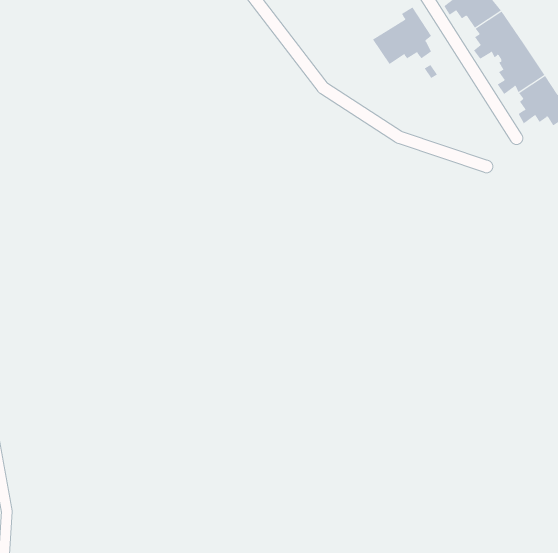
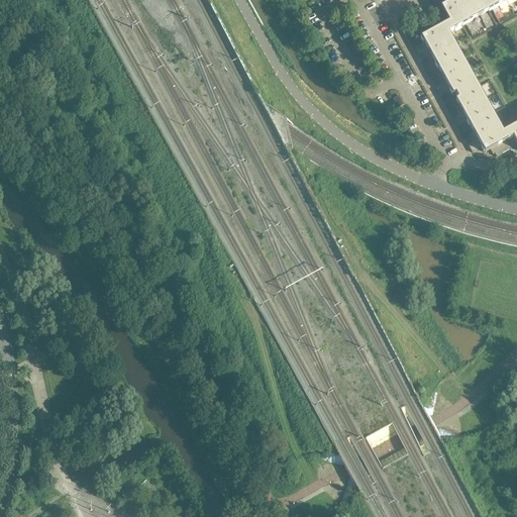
building: [372,6,432,65] -> none

